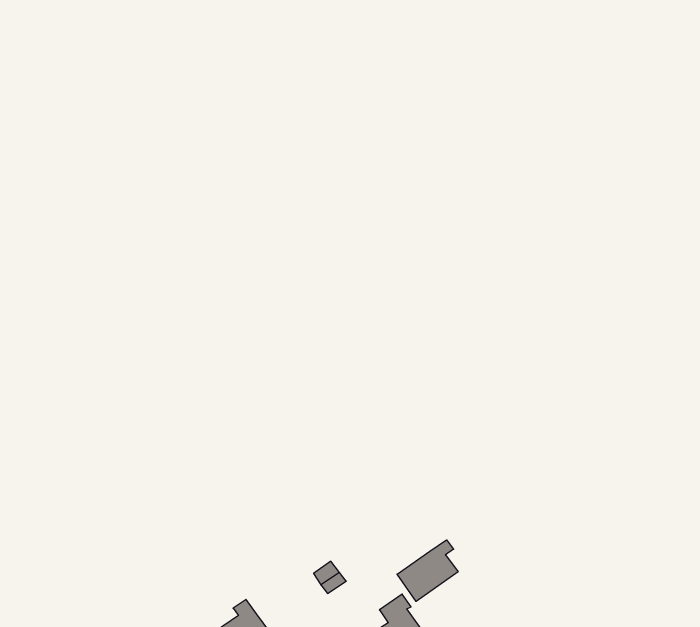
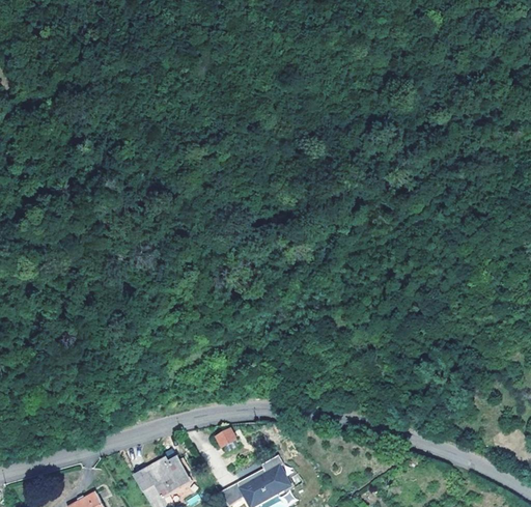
building: [397,540,458,601] -> none

